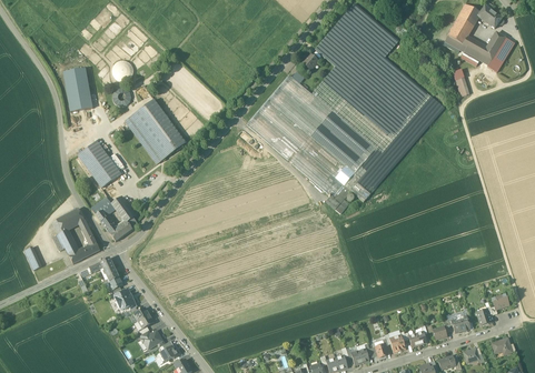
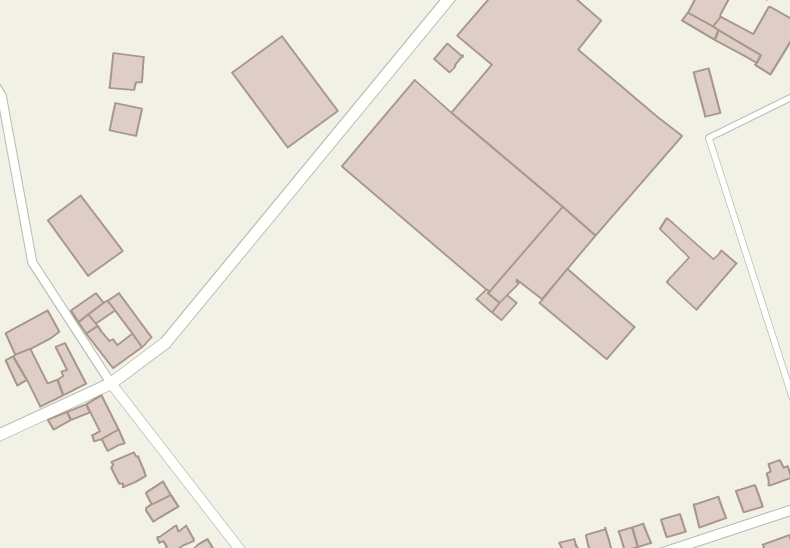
building: [63,69,92,111] -> none
building: [125,99,186,163] -> [232,36,338,148]
building: none -> [660,218,737,310]
building: none -> [540,269,635,359]

